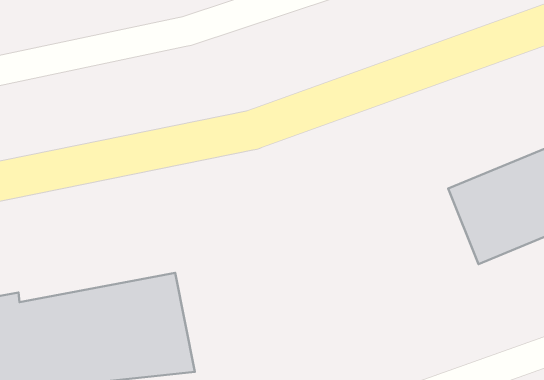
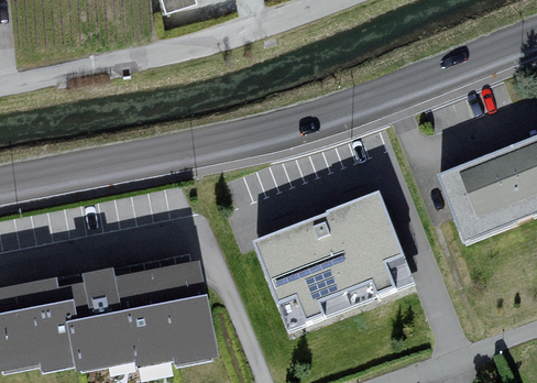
building: none -> [256,196,417,332]

